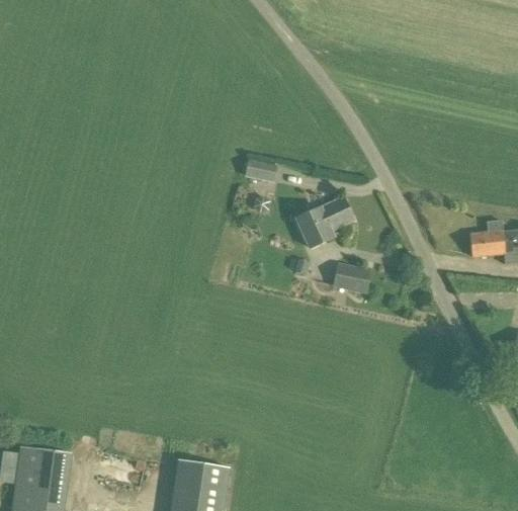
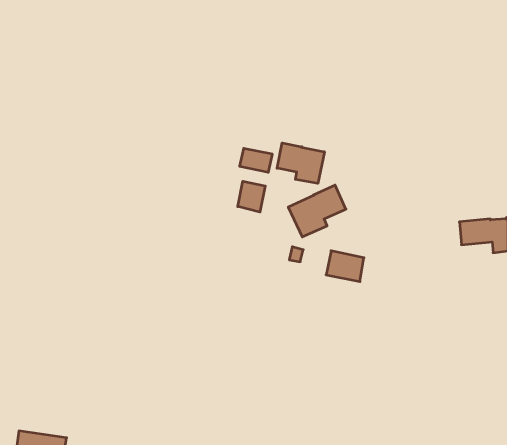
building: none -> [277,143,324,183]
building: none -> [238,181,265,212]

